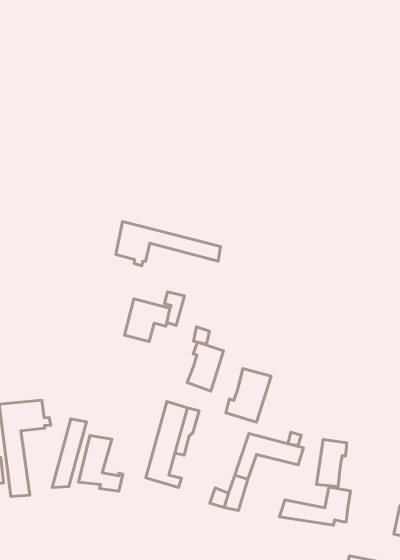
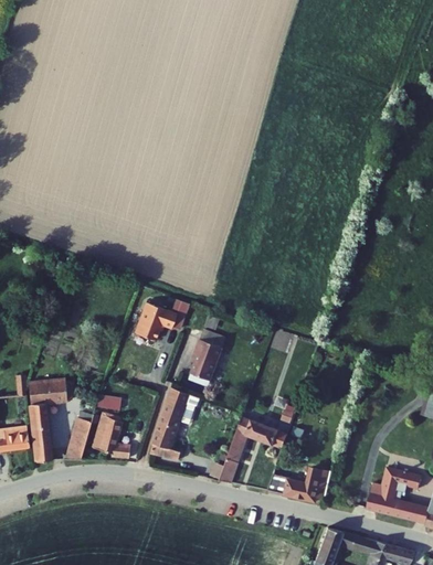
building: [116,221,221,266] -> none
building: [226,368,271,422] -> none
building: [316,439,347,487] -> none

